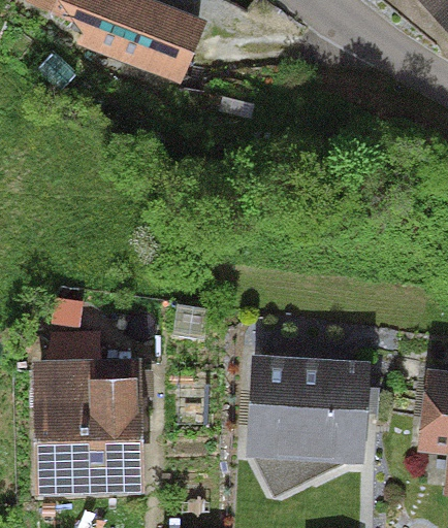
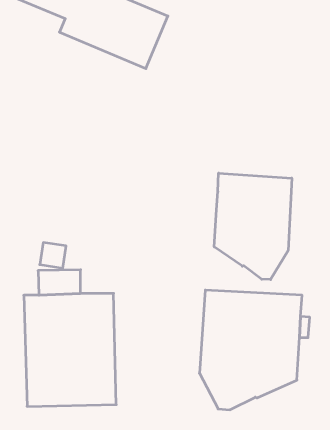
building: none -> [214,173,292,280]

